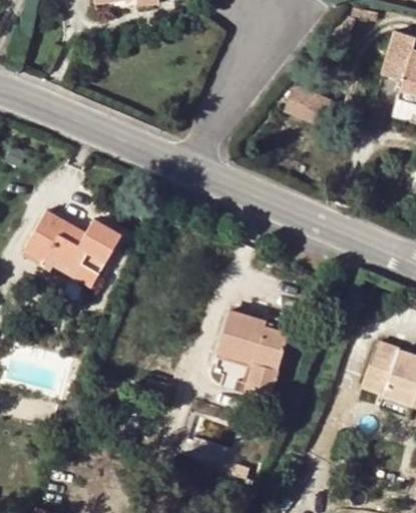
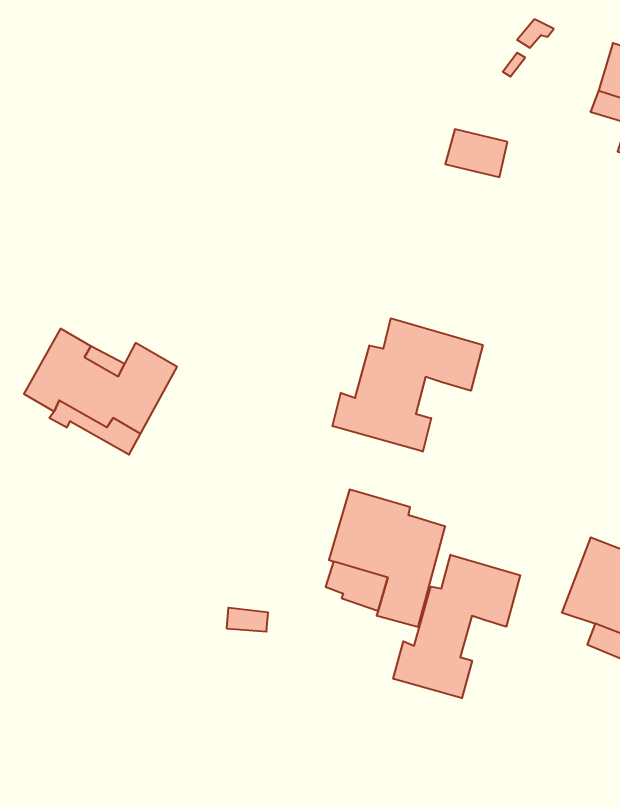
building: none -> [332,318,483,452]
building: none -> [393,555,520,698]

